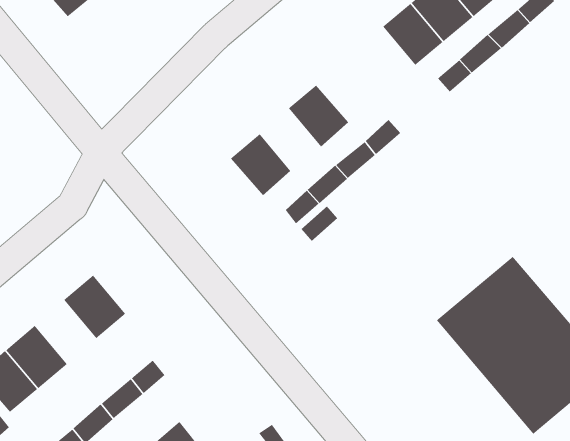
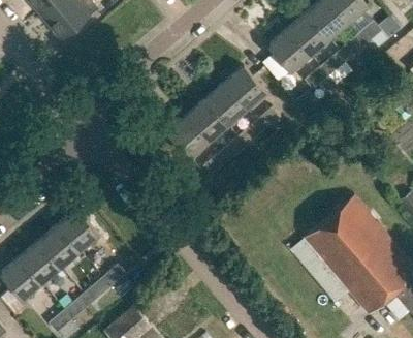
building: none -> [223,67,264,109]
building: none -> [186,99,226,141]
building: none -> [38,225,78,268]

